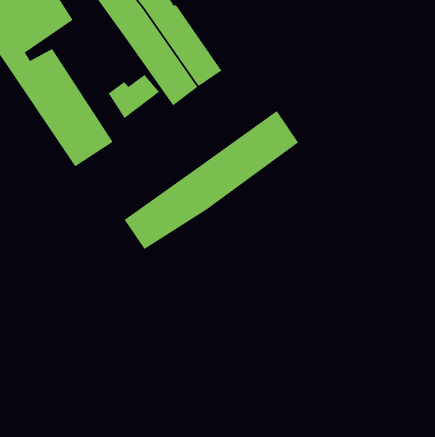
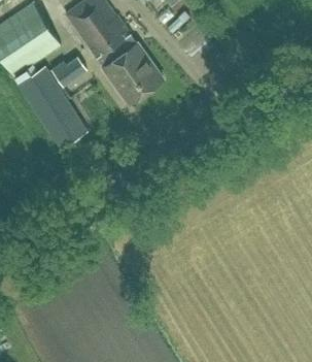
building: [108,74,160,119] -> [50,56,86,87]
building: [124,110,299,250] -> none

